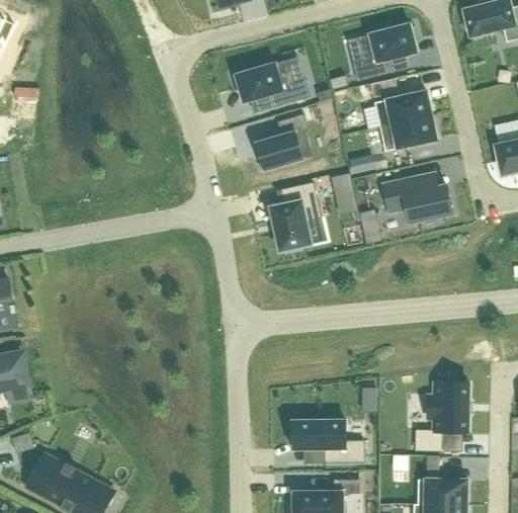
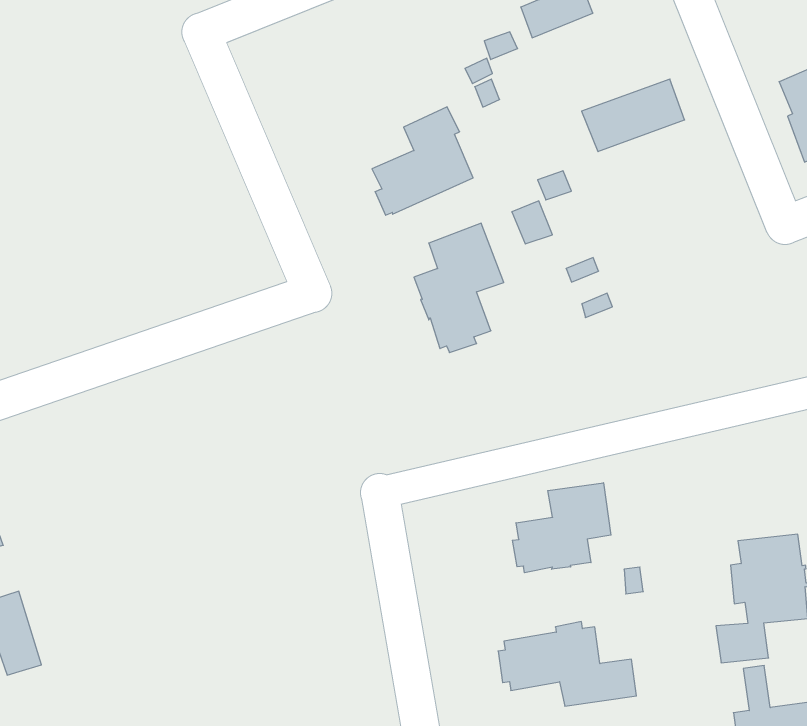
building: [232,60,309,107] -> none
building: [373,91,431,126] -> none
building: [381,173,452,224] -> none
building: none -> [512,483,611,573]

